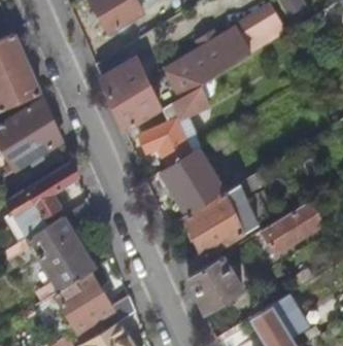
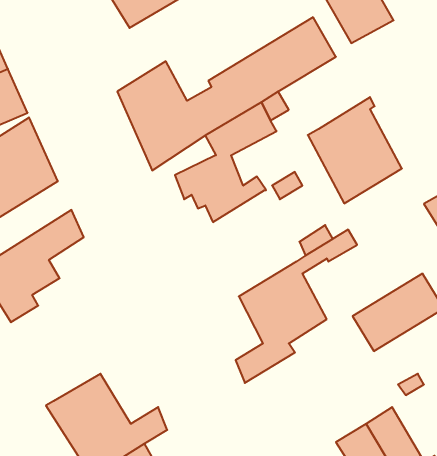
building: [159,146,222,218] -> [308,97,402,203]
building: [27,200,94,289] -> none
building: [187,256,241,313] -> none

